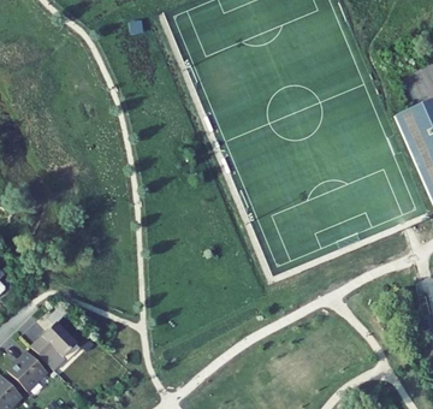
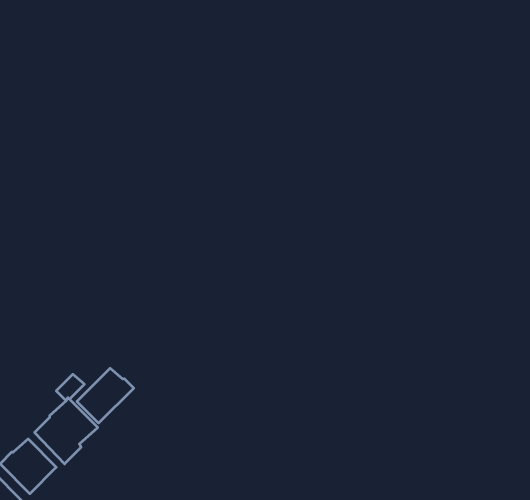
building: none -> [77,368,134,423]

